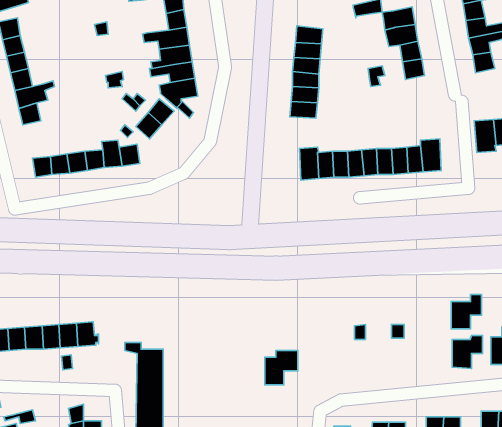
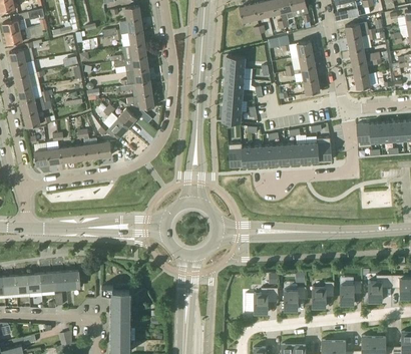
building: [451,294,481,329] -> [312,282,334,307]
building: none -> [284,287,306,310]
building: [265,350,298,385] -> [254,288,278,313]

